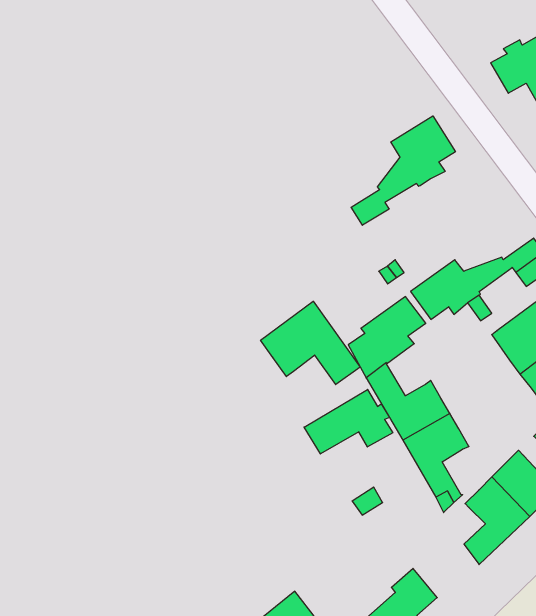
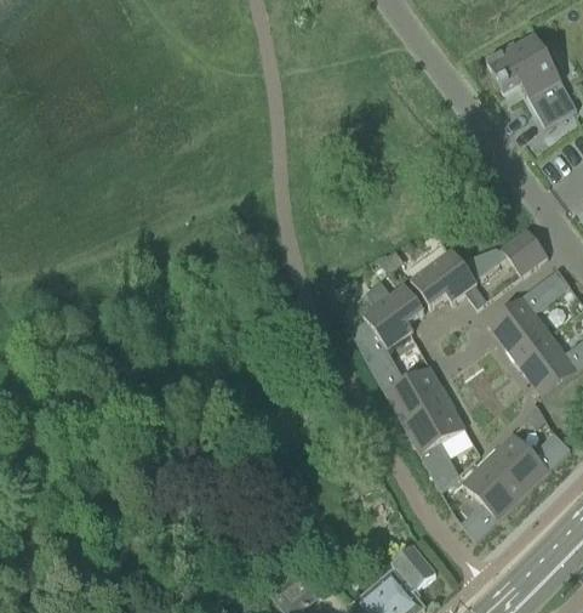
building: [351,116,455,225] -> none
building: [261,301,360,385] -> none
building: [304,389,393,454] -> none

